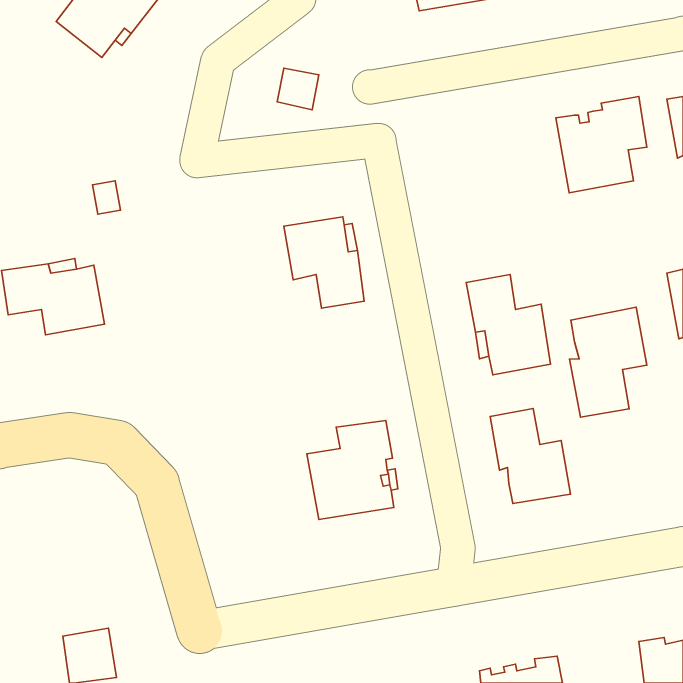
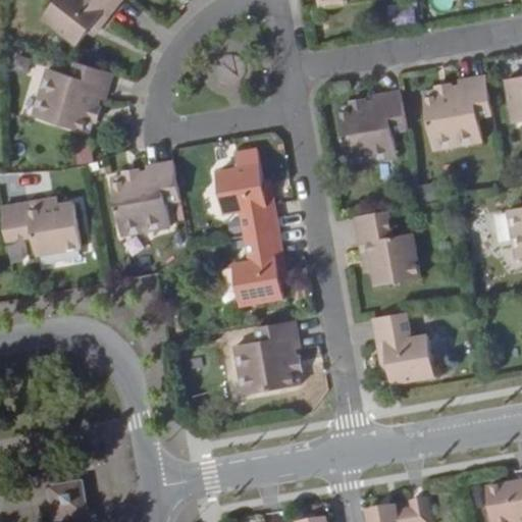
building: none -> [33,60,113,133]
building: none -> [337,90,407,162]
building: none -> [109,161,180,233]
building: none -> [232,229,285,305]
building: [570,307,647,417] -> none

